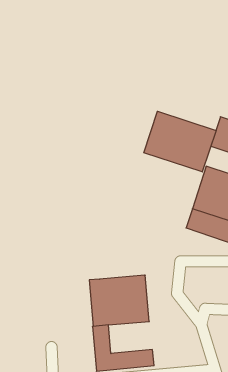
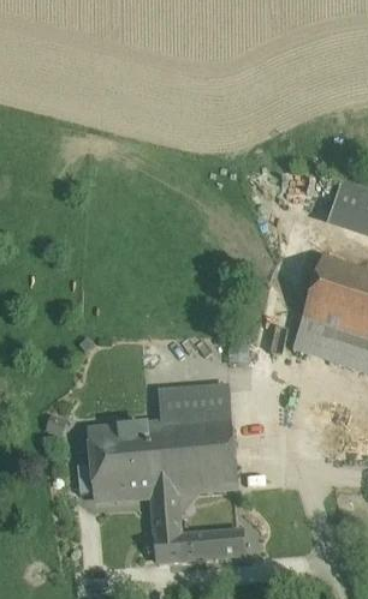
building: [144,111,216,172] -> none
building: none -> [158,383,228,423]
building: none -> [89,424,152,498]

